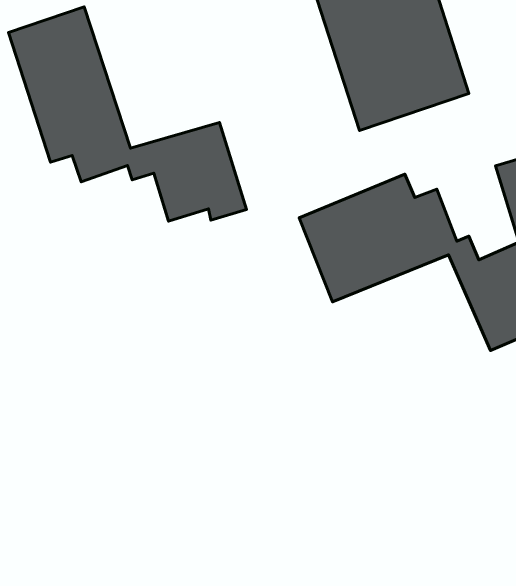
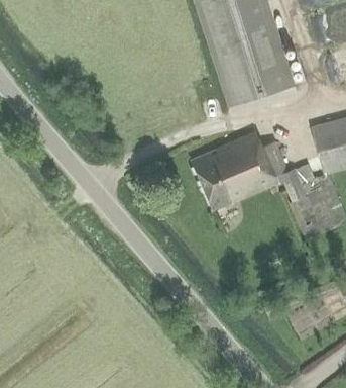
building: [8,7,247,221] -> none

